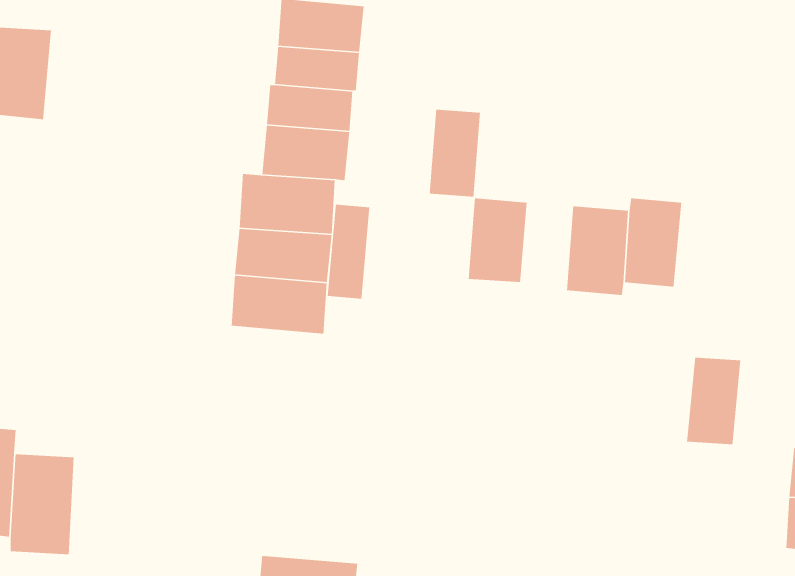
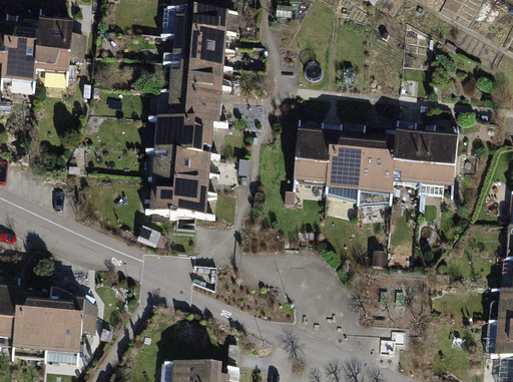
building: none -> [31,18,69,74]
building: [429,109,481,197] -> [327,134,359,189]
building: [327,204,370,300] -> none
building: [686,357,741,445] -> [422,134,456,189]
building: none -> [46,293,85,355]

